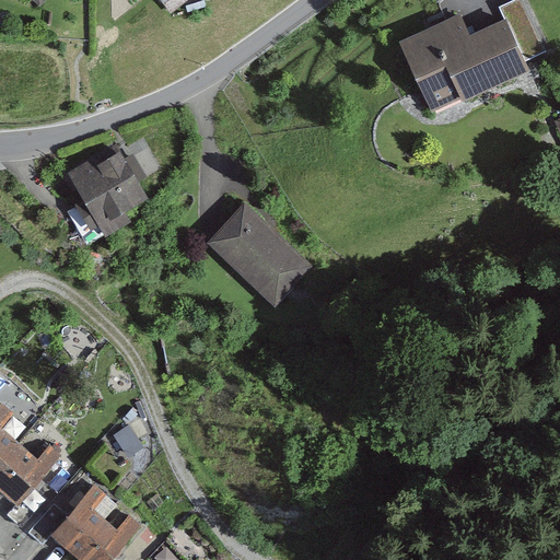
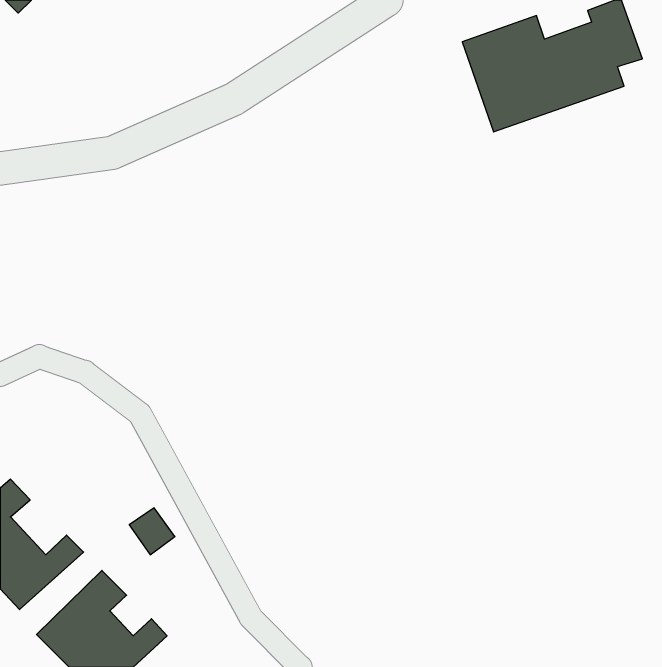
building: [60,147,143,238] -> none
building: [202,199,317,310] -> none

